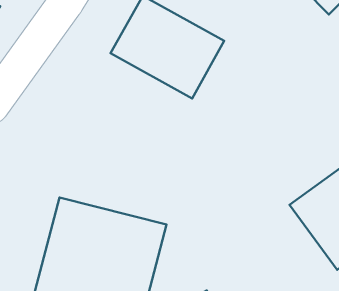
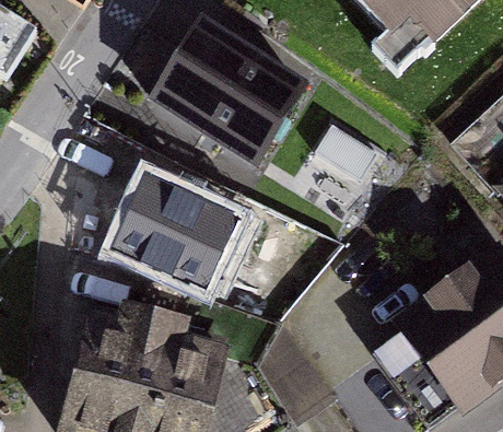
building: none -> [92,156,239,290]

